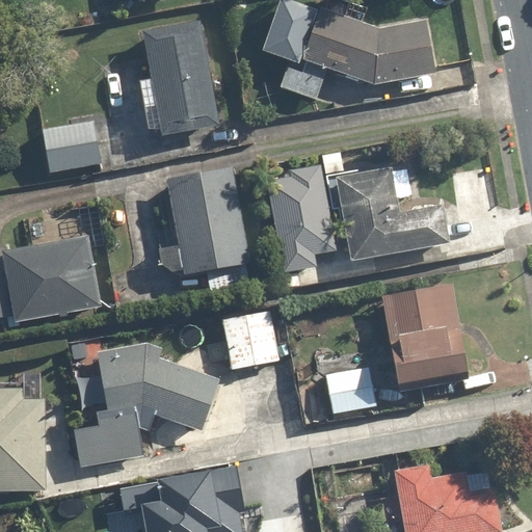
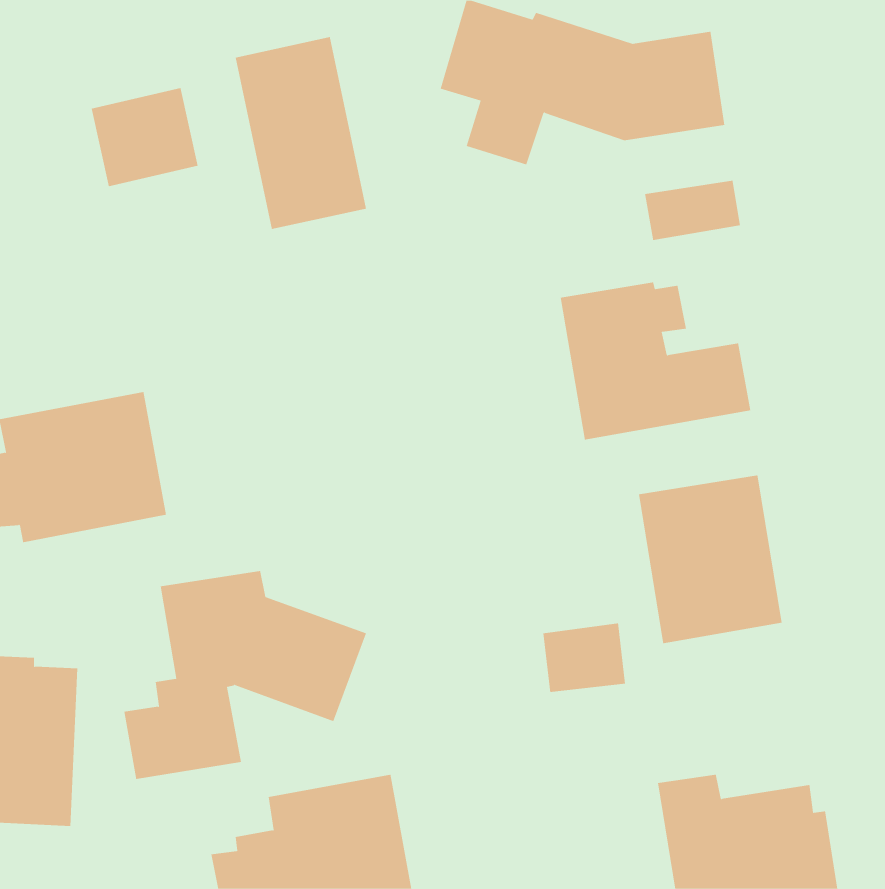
building: none -> [645,180,740,241]
building: [38,118,103,178] -> [91,88,199,187]
building: [157,164,249,275] -> none
building: [270,165,336,275] -> none
building: [220,311,276,370] -> none

